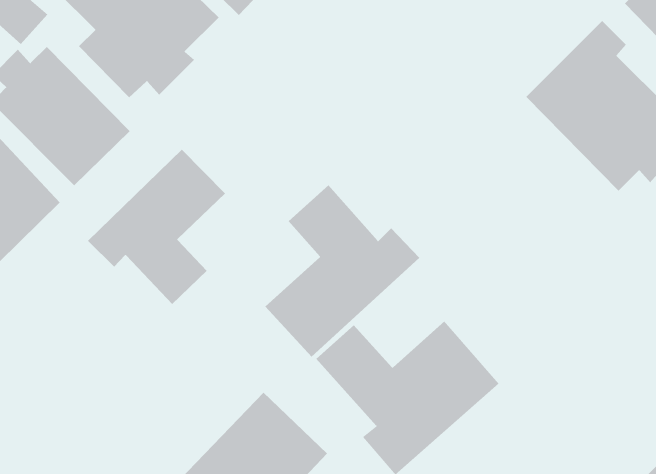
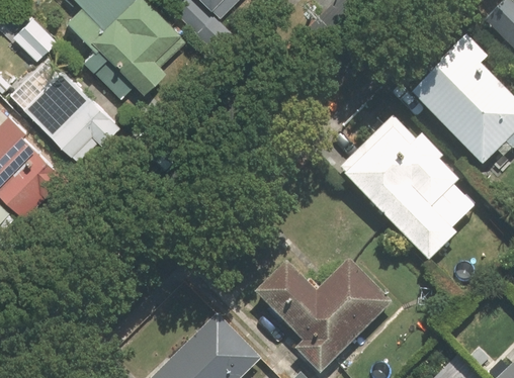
building: none -> [338,114,478,262]
building: [87,149,226,305] -> none
building: [264,185,420,357] -> none

